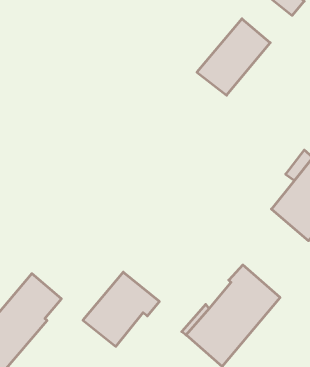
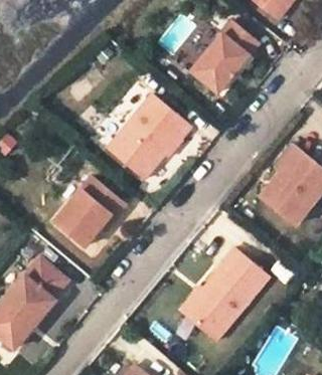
building: none -> [108,92,192,177]
building: [83,272,159,346] -> [55,175,126,243]

